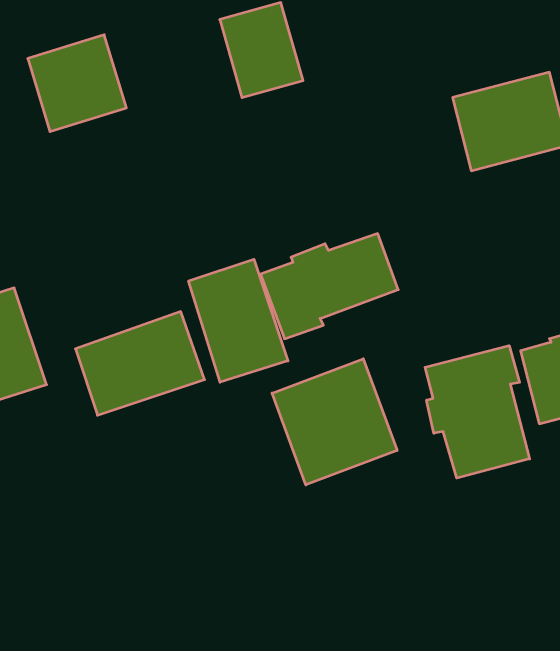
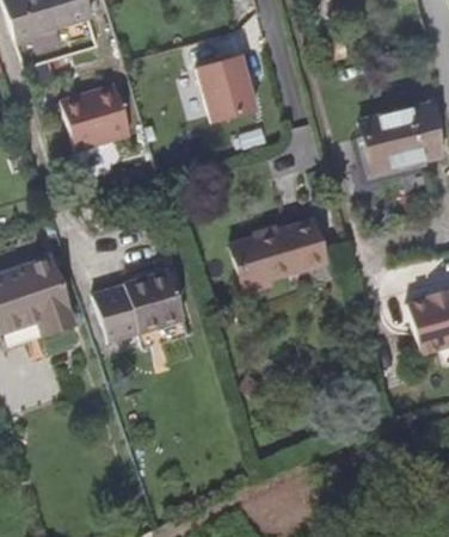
building: [189,259,288,382] -> none
building: [425,346,530,478] -> none
building: [272,359,397,485] -> none

